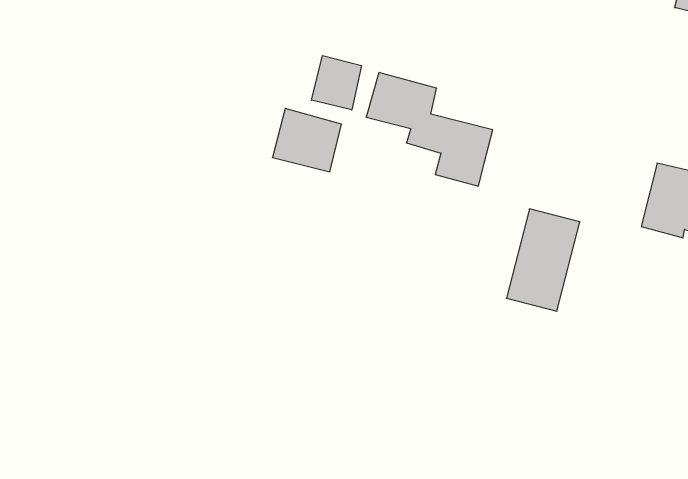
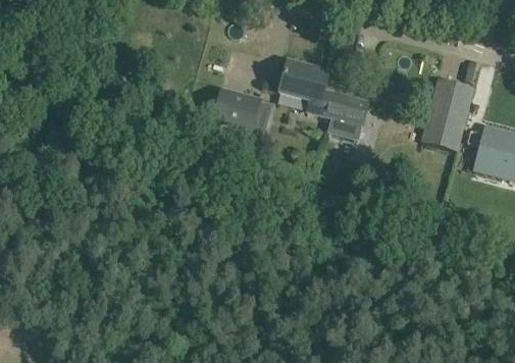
building: [311,56,361,110] -> none
building: [506,209,580,311] -> [422,79,474,151]

